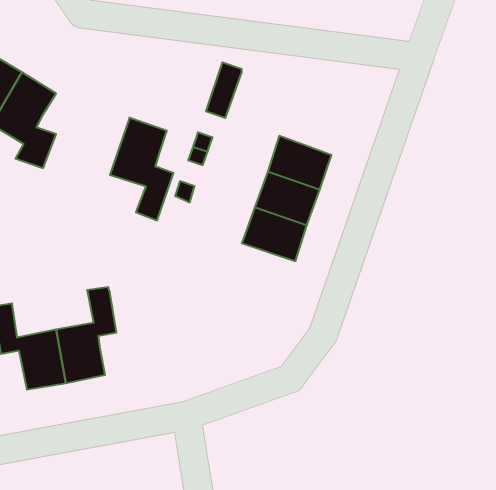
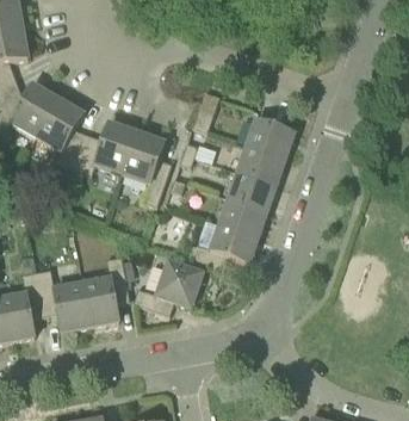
building: none -> [247,117,295,156]
building: none -> [74,119,137,173]
building: none -> [187,221,259,266]
building: none -> [134,258,203,312]

